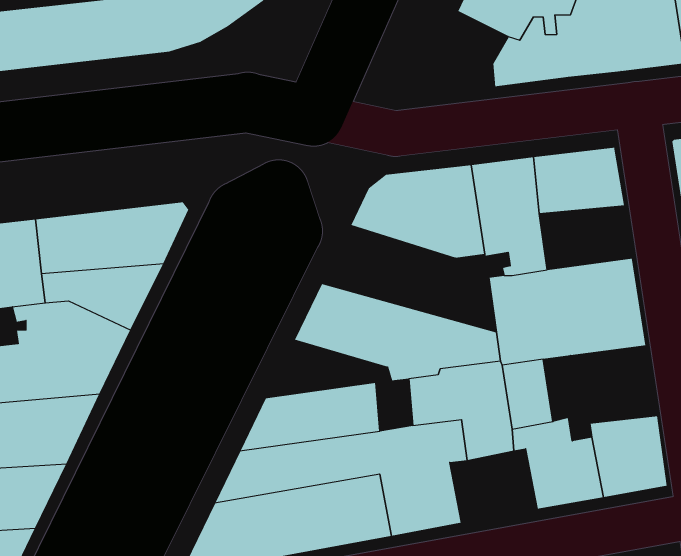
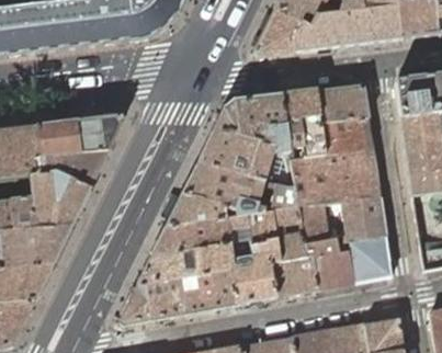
building: none -> [252,8,302,55]
building: none -> [319,117,372,153]
building: none -> [196,128,295,189]
building: none -> [165,193,236,226]
building: none -> [336,196,386,250]
building: none -> [269,254,318,296]

